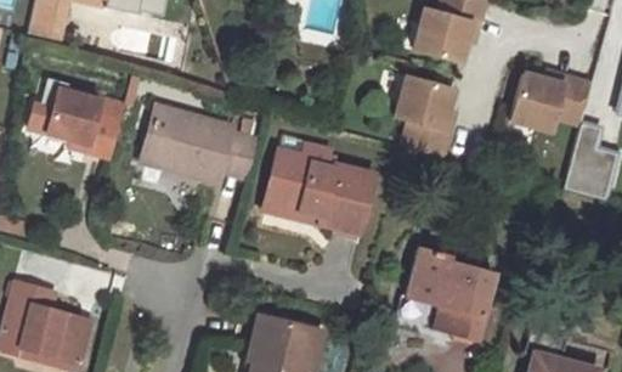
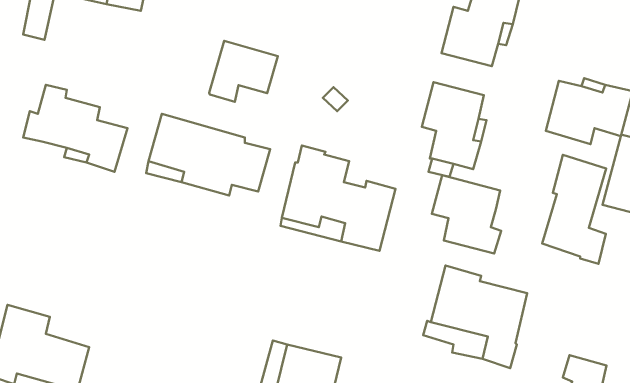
building: none -> [209,41,278,102]
building: none -> [542,155,606,264]
building: none -> [432,175,501,254]

